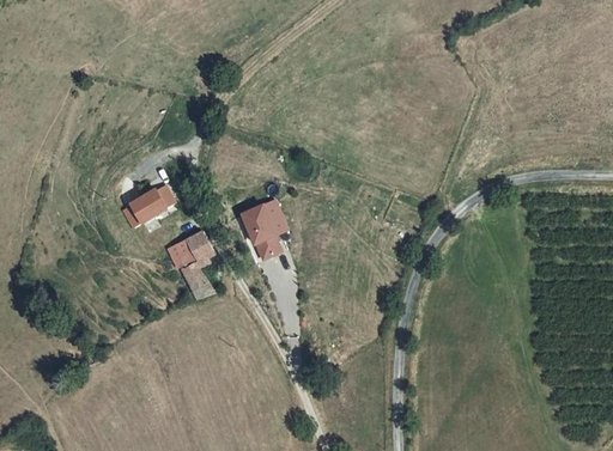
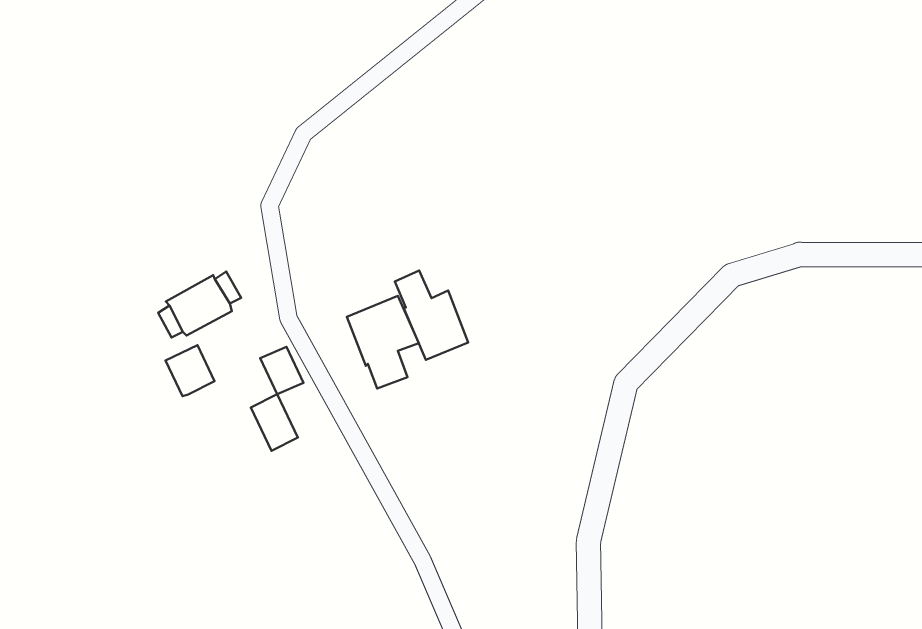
building: none -> [395,270,468,360]
building: [166,238,198,270] -> [166,345,215,396]

